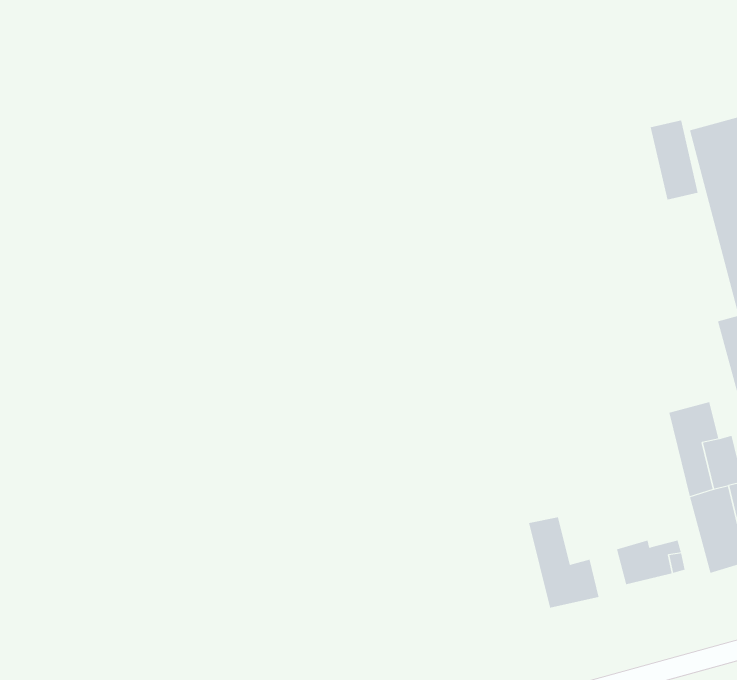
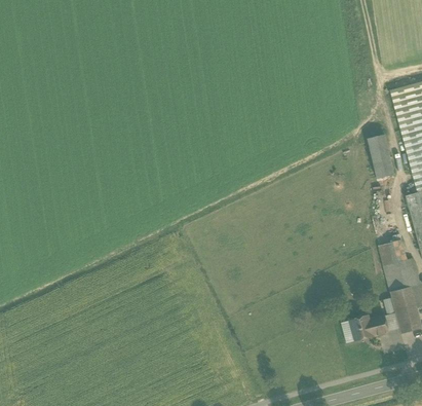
building: [650,120,699,200] -> [368,135,394,179]
building: [528,517,599,609] -> none

